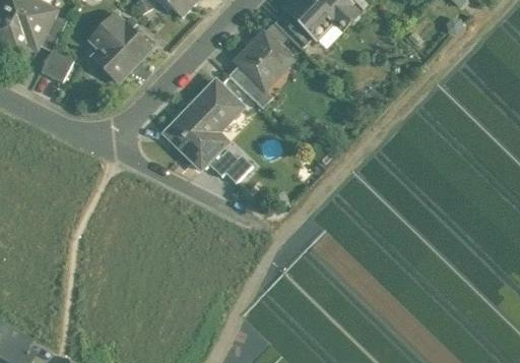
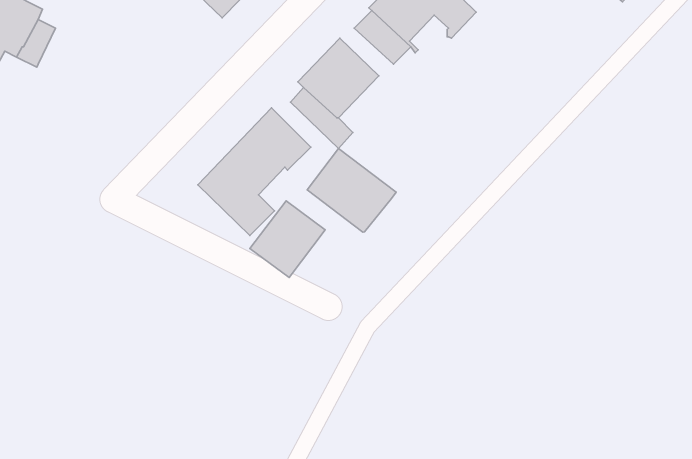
building: [92,14,149,81] -> none
building: [41,49,73,81] -> none
building: none -> [307,148,396,232]

